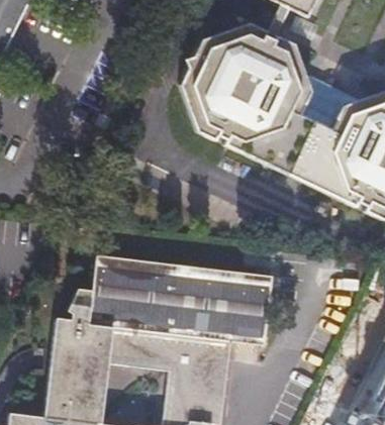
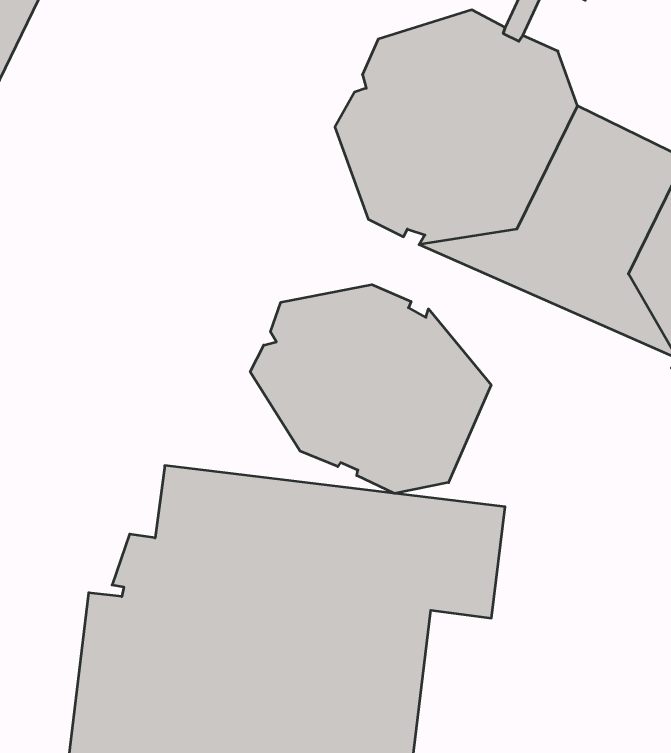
building: none -> [250,285,491,493]

